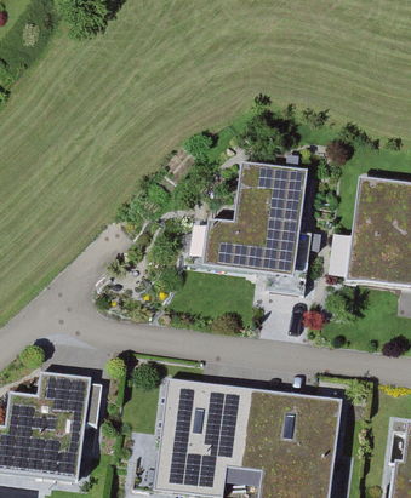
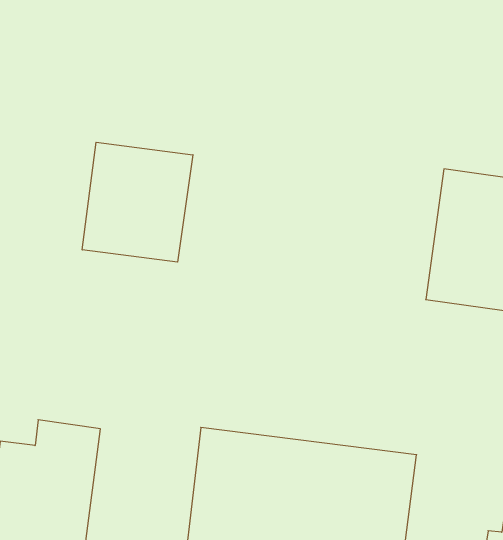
building: none -> [82,142,193,262]
building: [202,159,309,274] -> none

